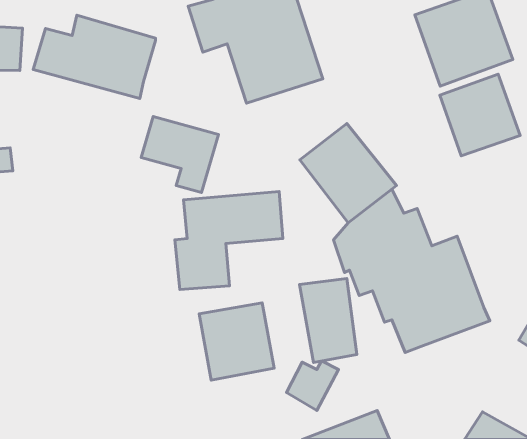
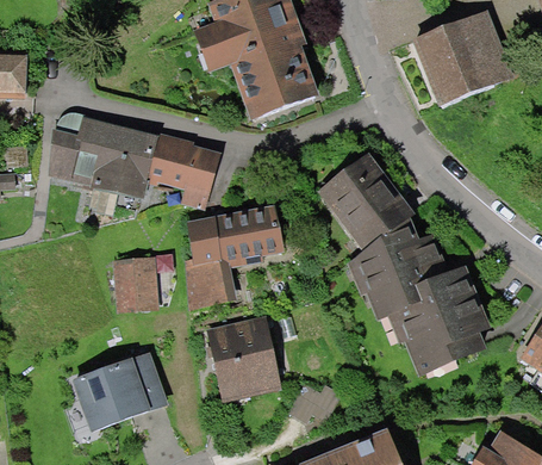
building: [33,15,156,99] -> [41,112,161,194]
building: [440,74,520,156] -> none
building: none -> [114,258,156,306]
building: [299,278,357,362] -> none
building: none -> [63,351,157,427]

